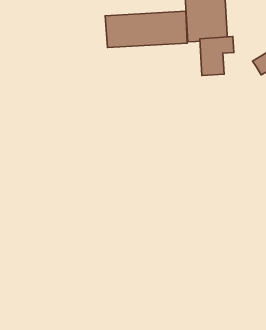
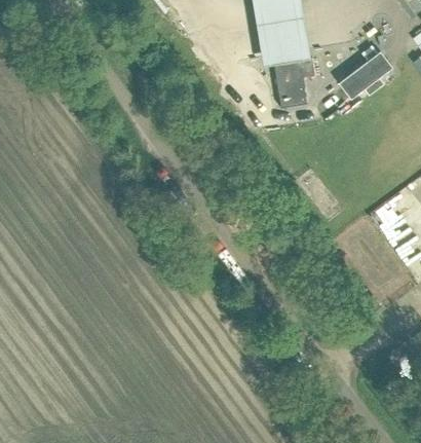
building: [105,11,187,47] -> none

